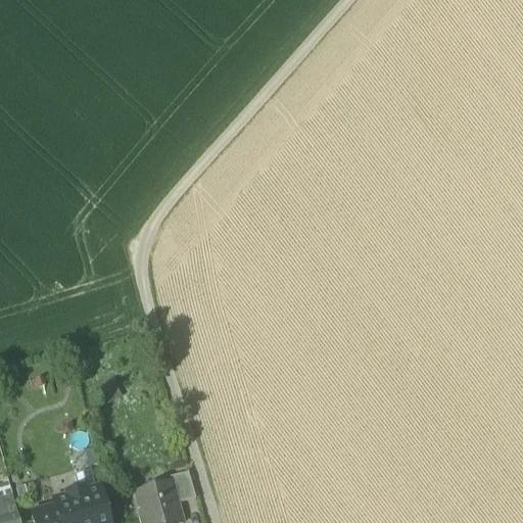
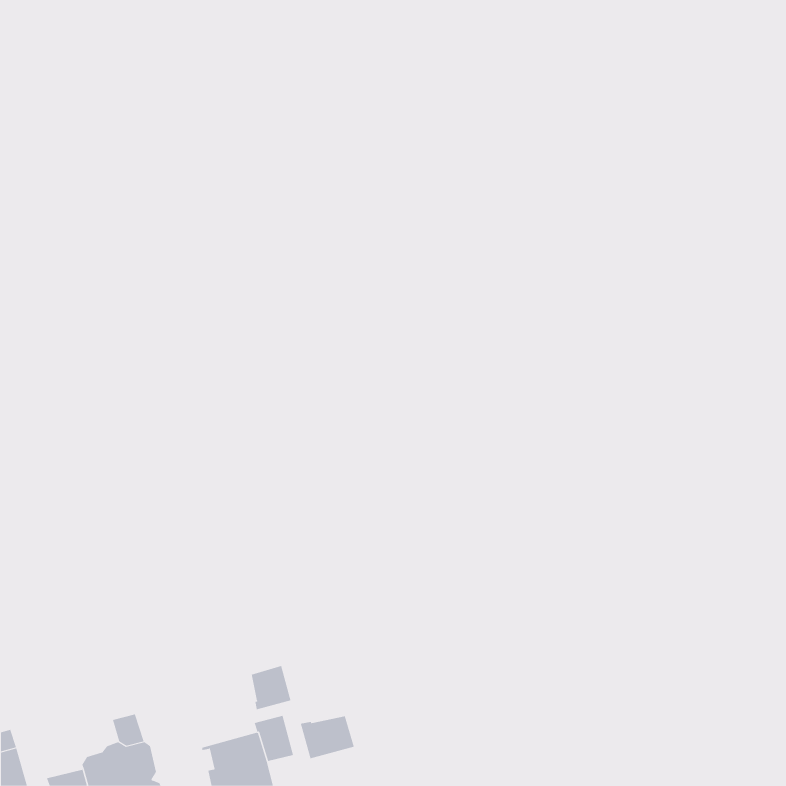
building: none -> [251,665,291,710]
building: none -> [300,715,355,759]

